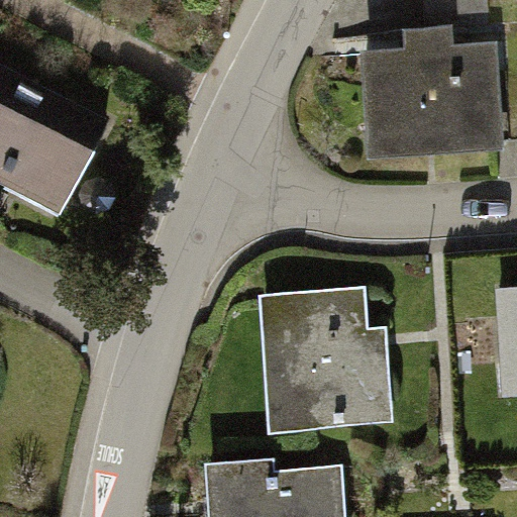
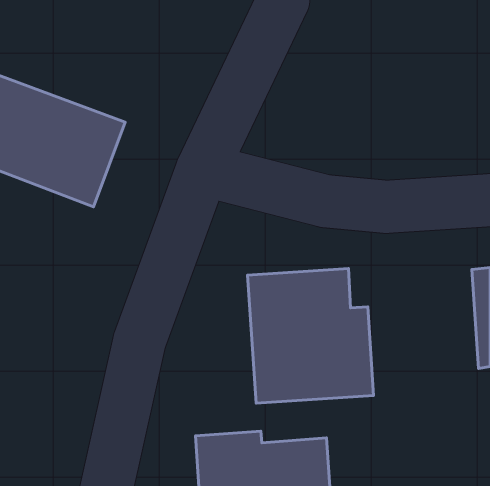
building: [361,27,504,154] -> none

